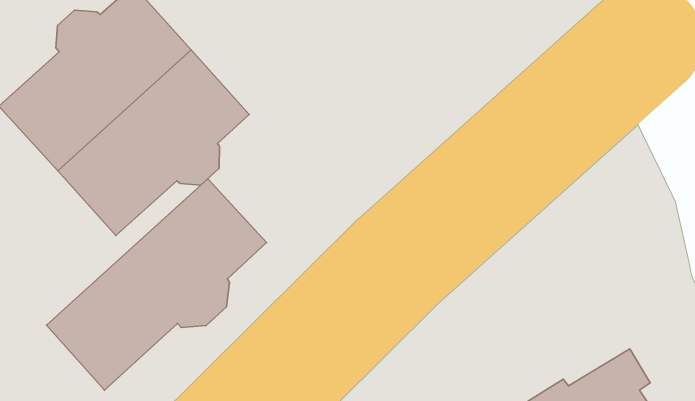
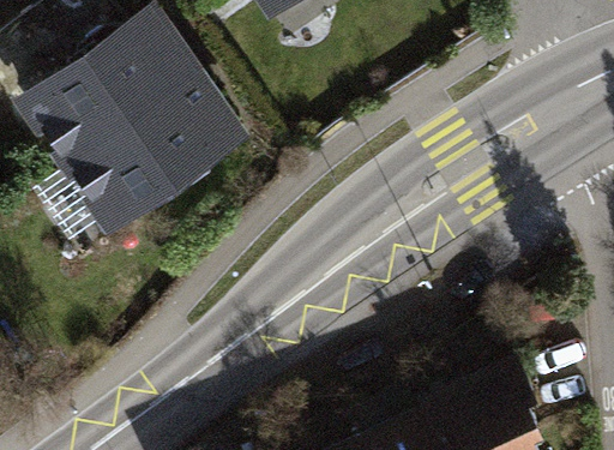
building: [46,179,267,390] -> none

